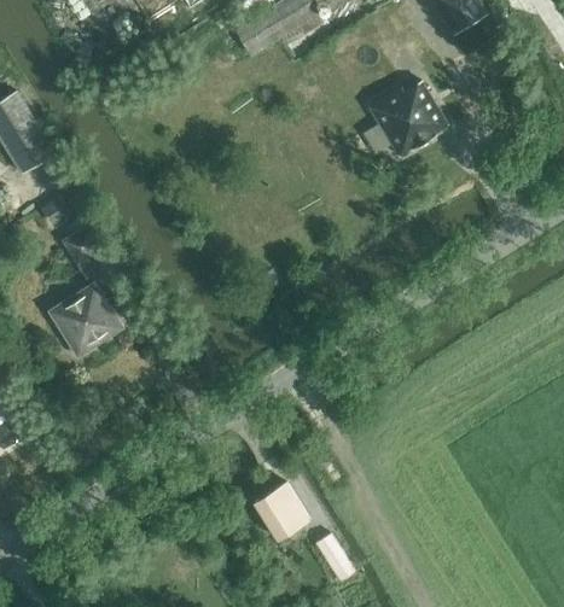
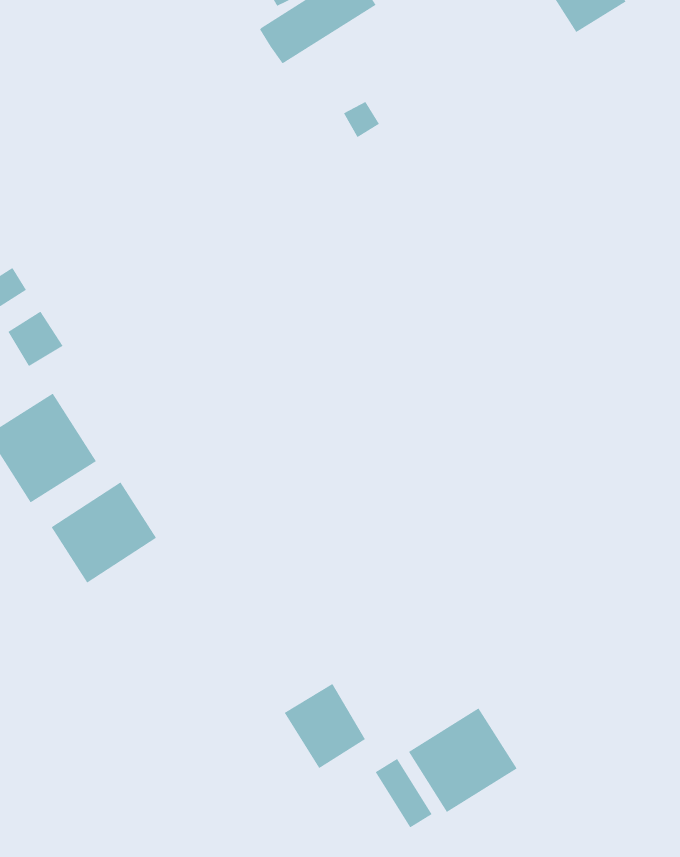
building: [370,81,449,157] -> none
building: none -> [51,481,157,584]
building: none -> [408,708,517,813]

